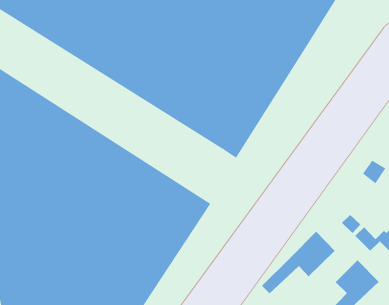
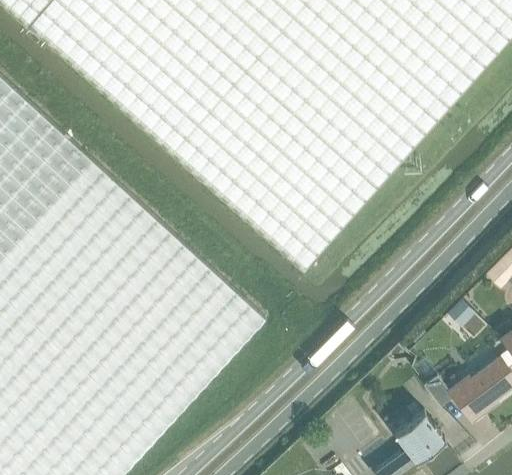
building: [261,231,336,294] -> none

